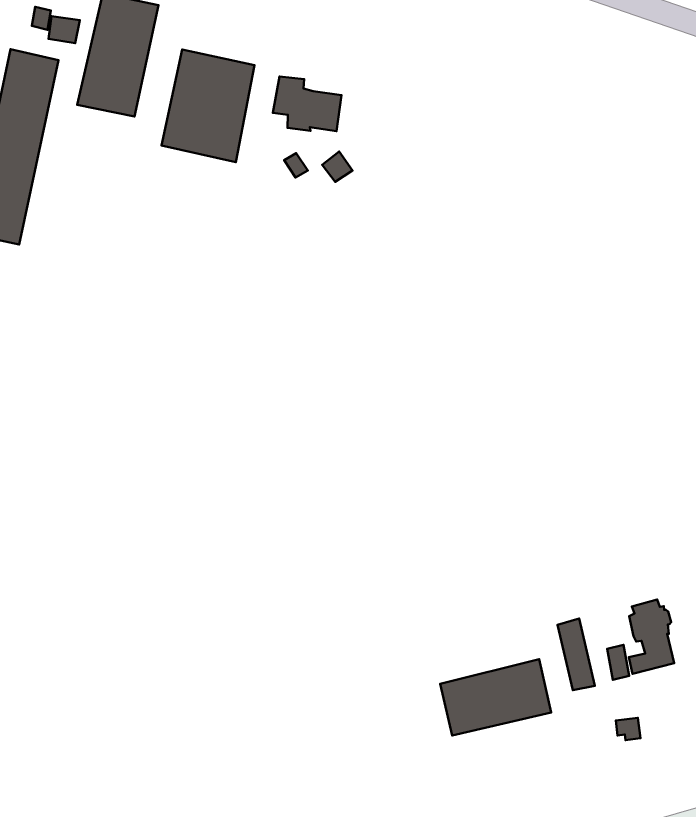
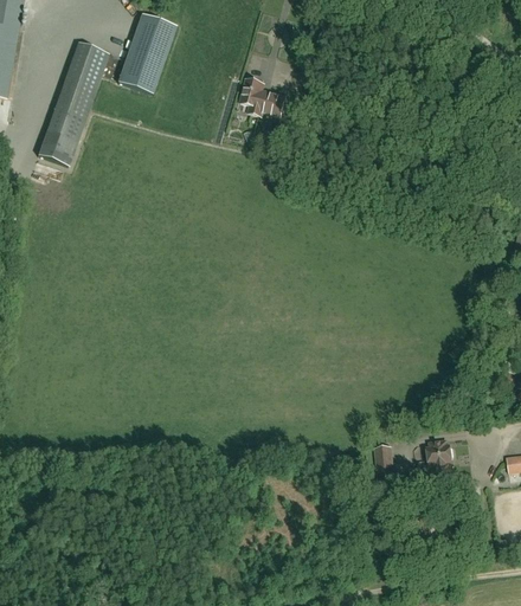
building: [162,50,254,162] -> none
building: [440,659,551,736] -> none

